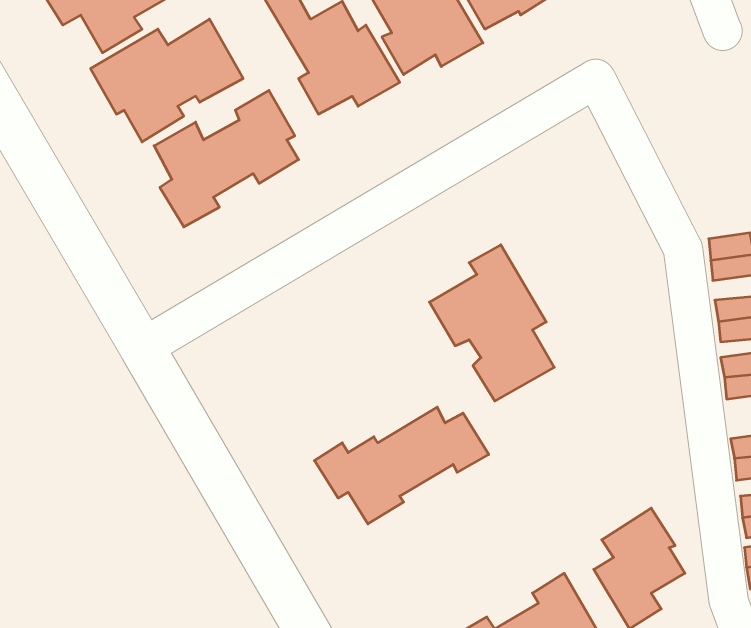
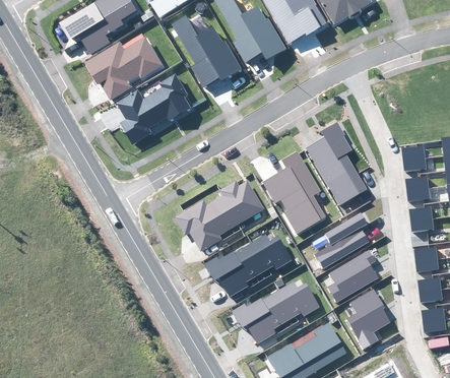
building: none -> [304,122,365,205]
building: none -> [173,180,263,252]
building: none -> [314,212,369,268]
building: none -> [326,248,378,302]
building: none -> [230,284,318,343]

